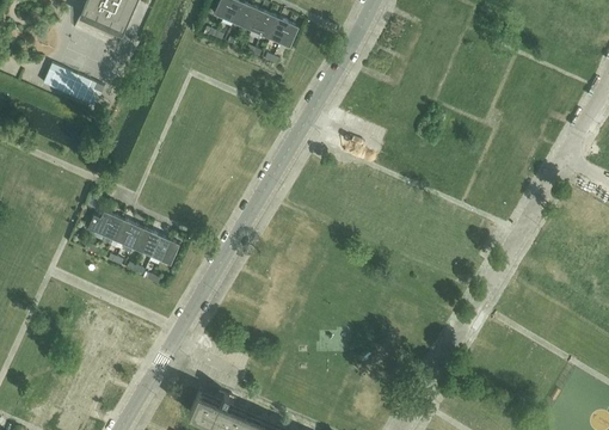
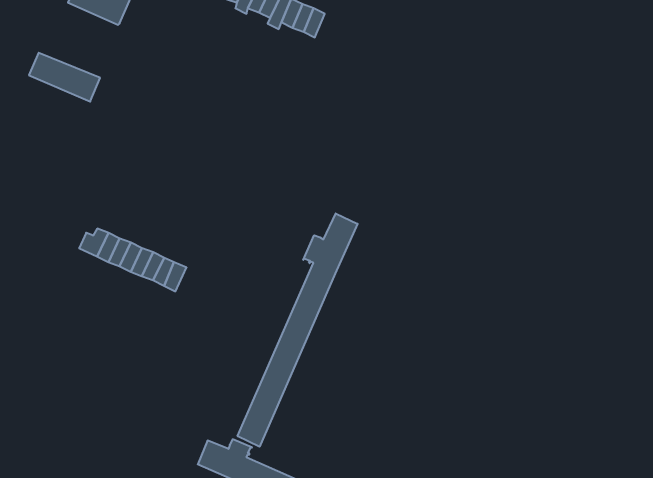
building: none -> [238,213,358,447]

